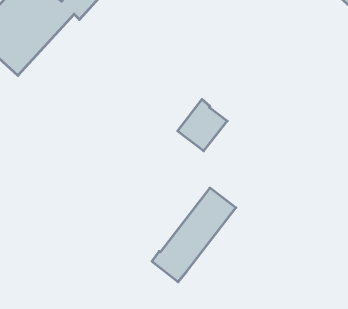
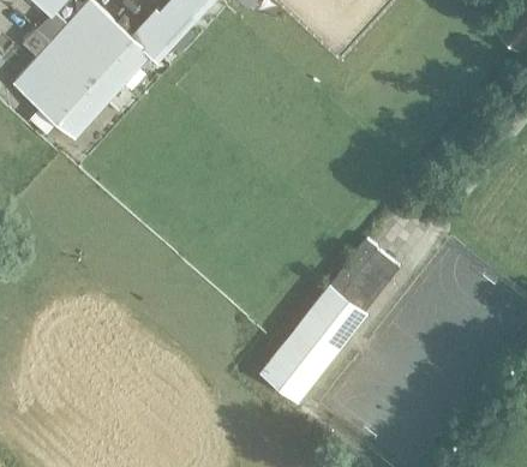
building: [178,99,227,151] -> [334,237,400,305]

